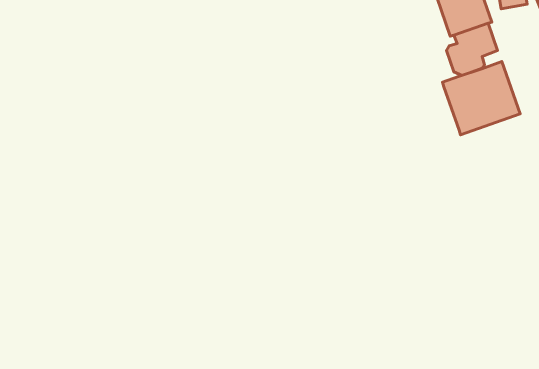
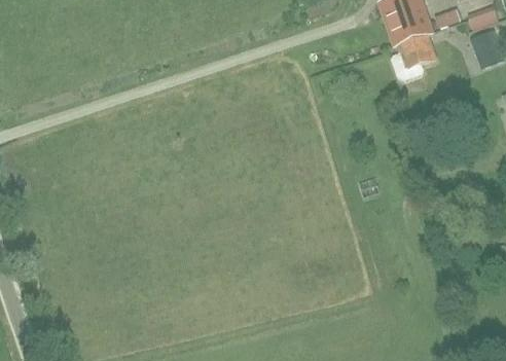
building: [442,61,520,135] -> none

